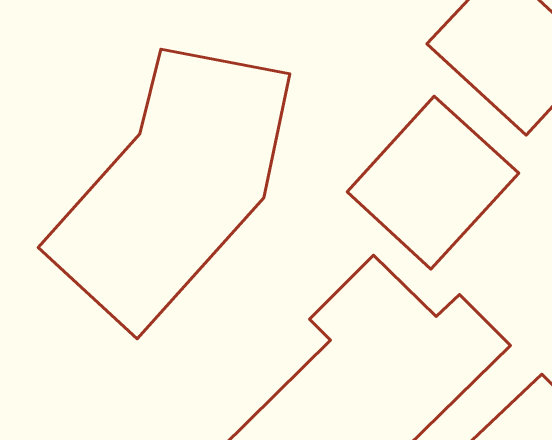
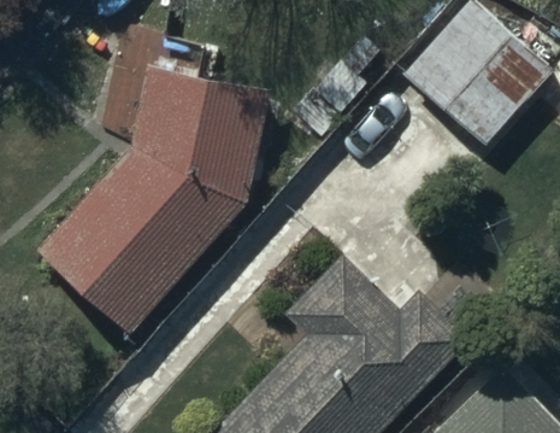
building: [347,96,519,269] -> none

